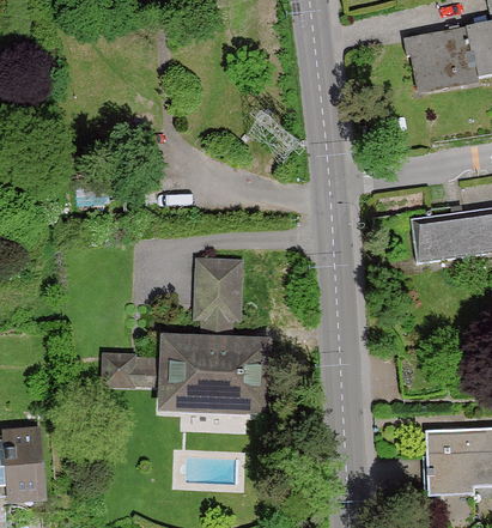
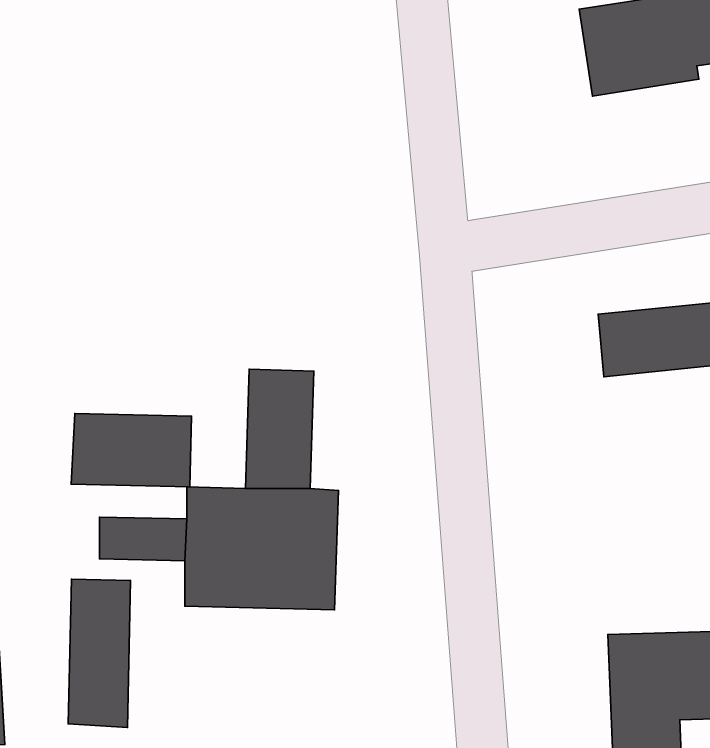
building: none -> [71,414,192,487]
building: none -> [68,579,131,728]

